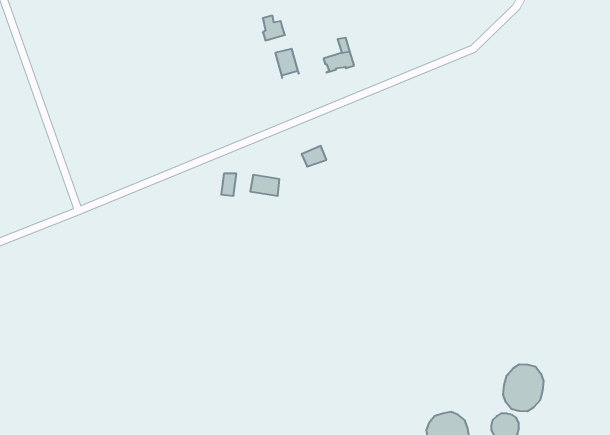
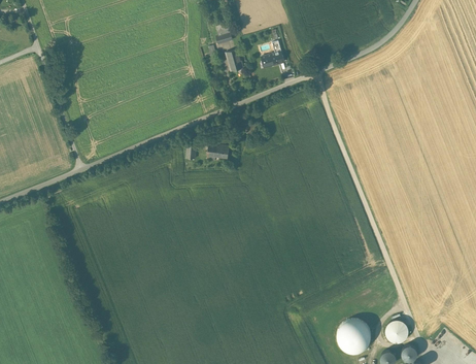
building: [503,364,544,411] -> none

